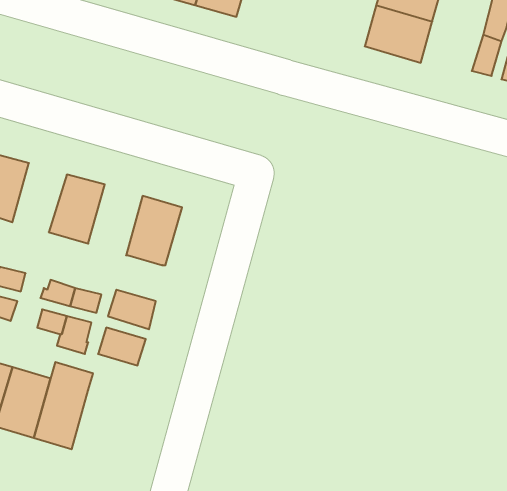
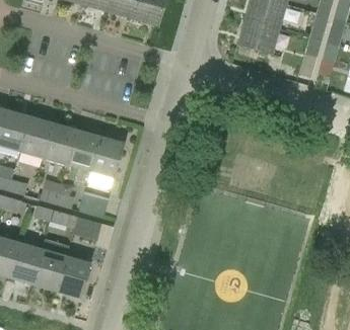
building: none -> [19,115,53,158]
building: none -> [66,129,99,172]
building: none -> [56,255,89,298]

